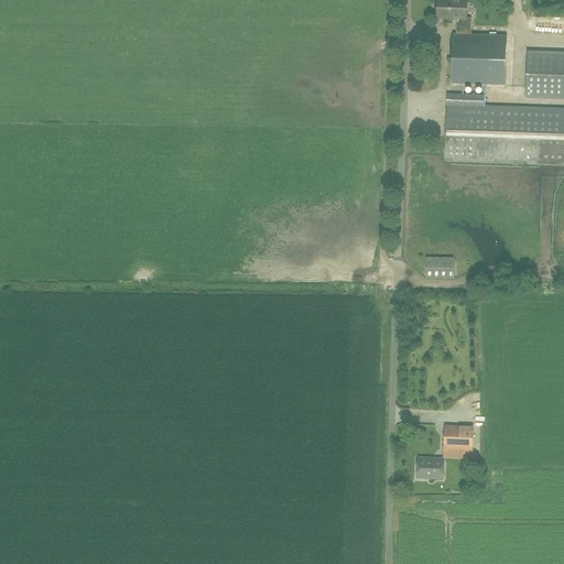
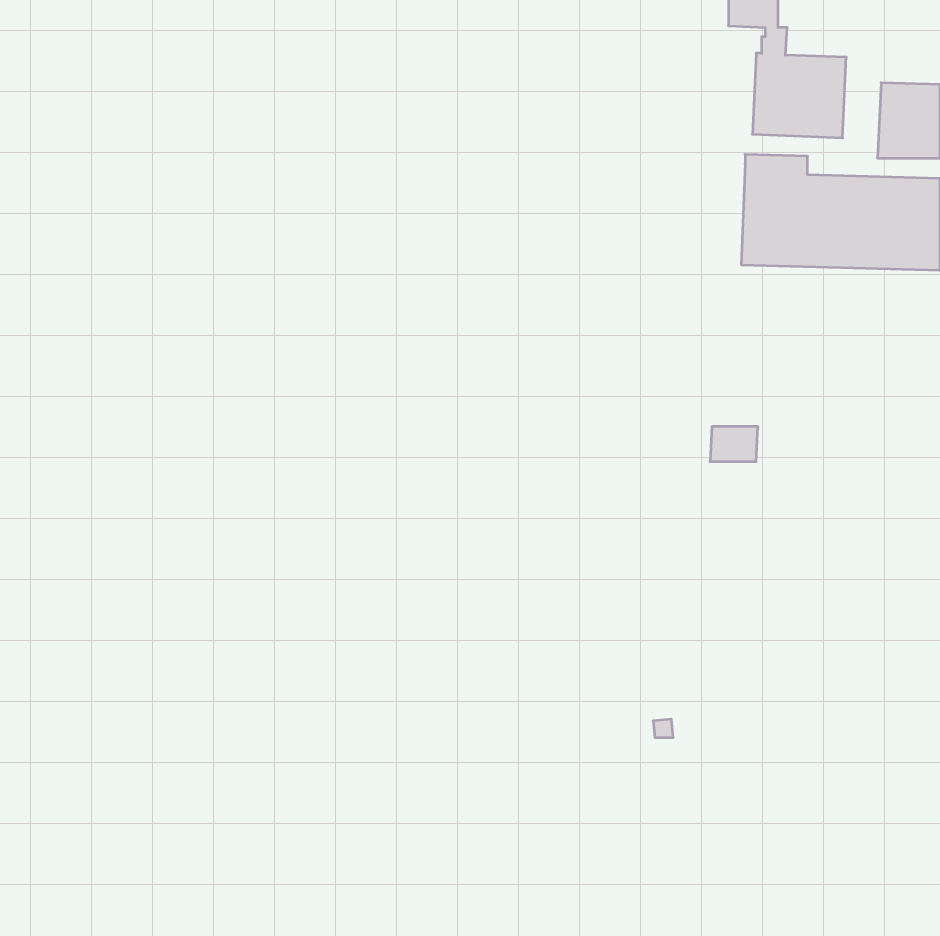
building: [444,424,471,447] -> none
building: [416,456,443,477] -> none

